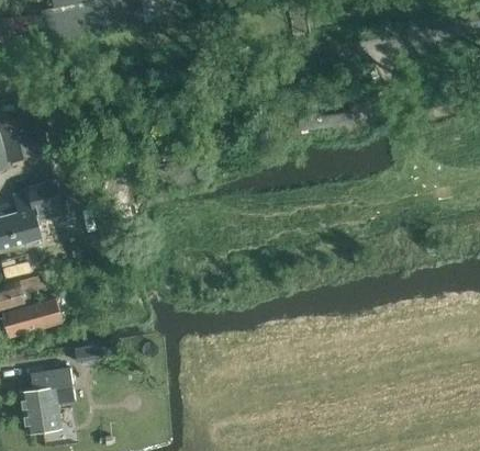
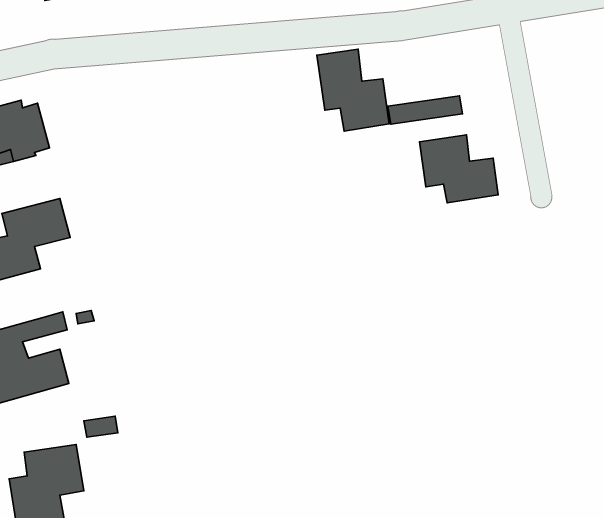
building: none -> [317,49,389,131]
building: none -> [420,135,498,203]

